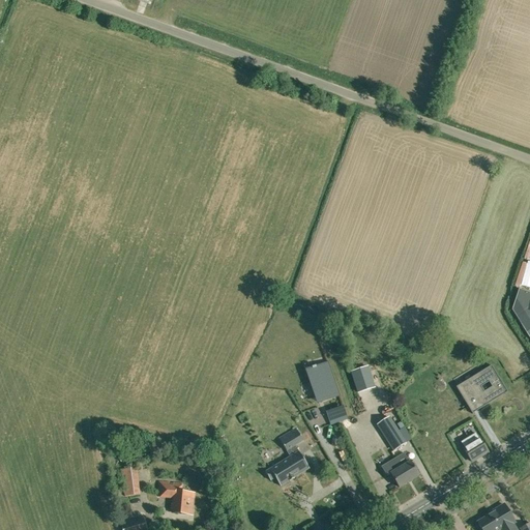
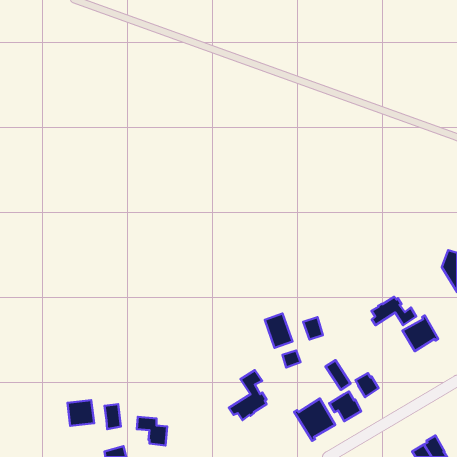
building: none -> [371,297,416,325]
building: [461,433,488,461] -> [355,373,379,397]
building: none -> [294,399,335,441]
building: none -> [67,400,94,426]

